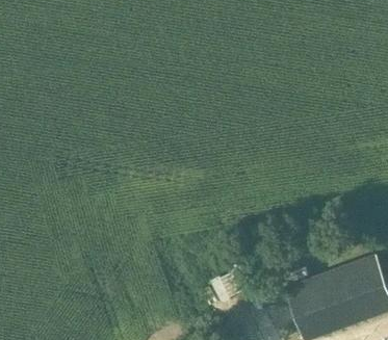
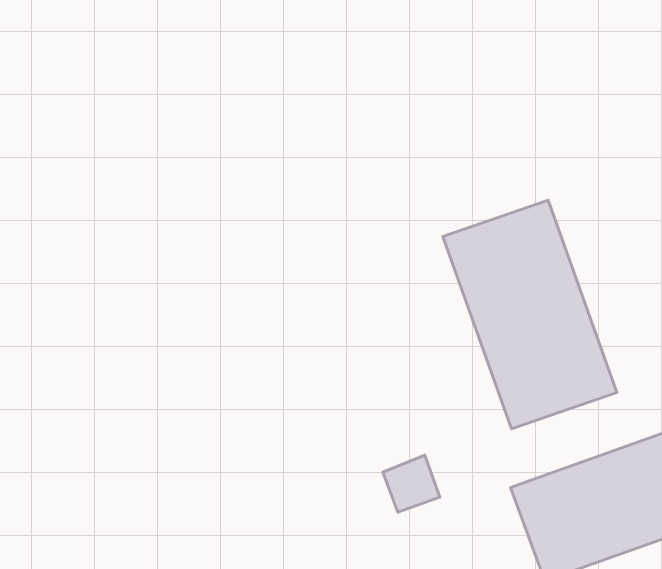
building: none -> [443,200,617,429]

